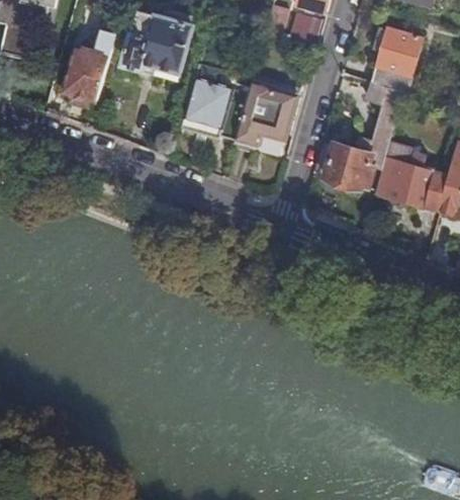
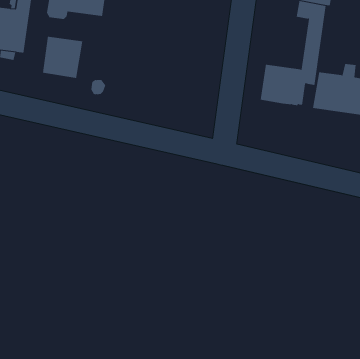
building: [233,79,297,146] -> none
building: [181,90,226,137] -> [42,36,83,78]

